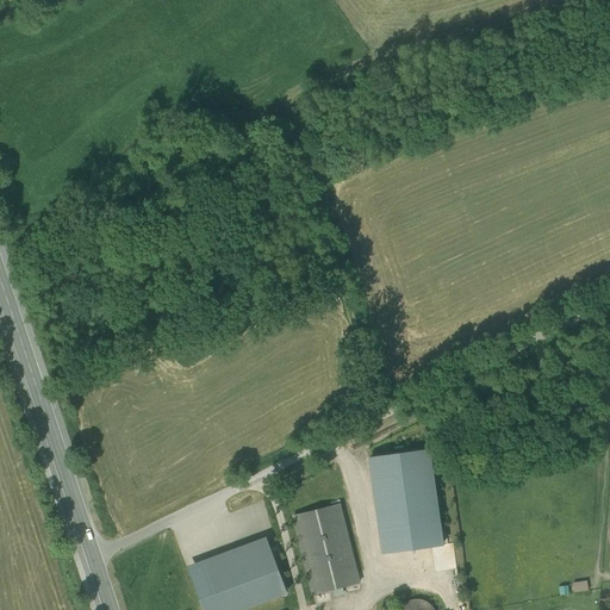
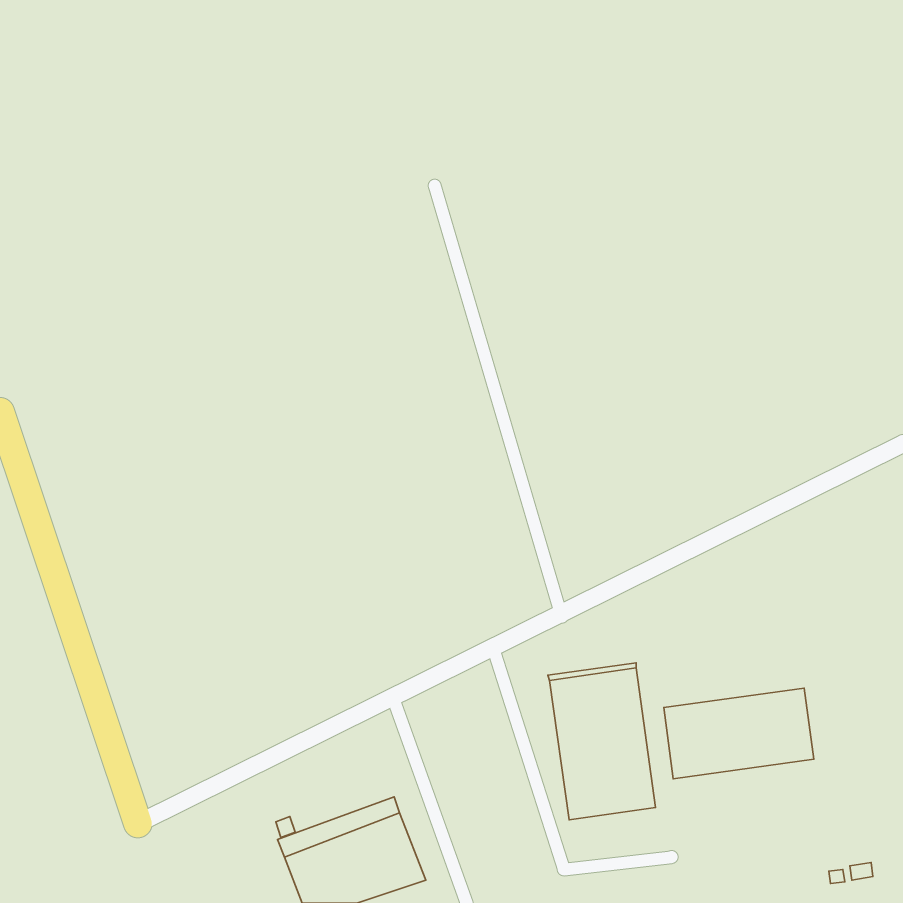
building: none -> [664,688,814,779]
building: [293,505,360,595] -> none

